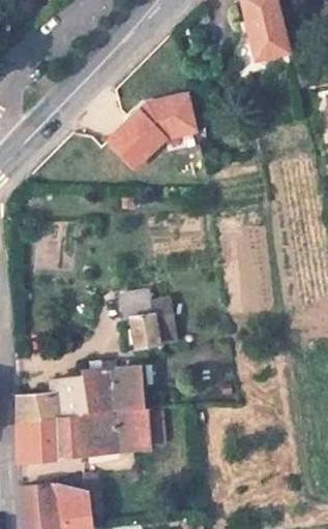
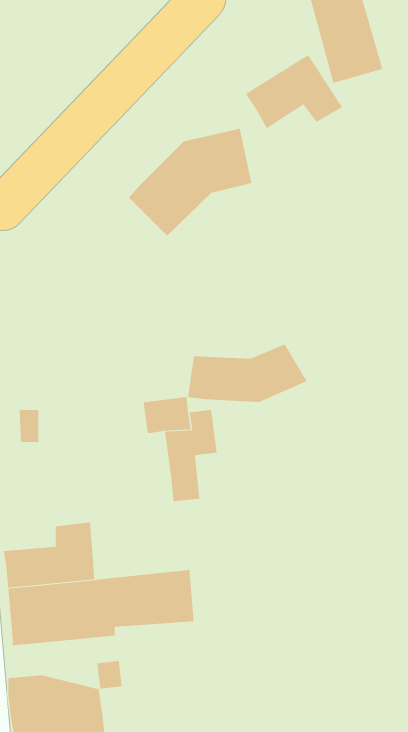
building: none -> [245,54,343,129]
building: none -> [187,344,308,403]
building: [78,359,160,416] -> none

